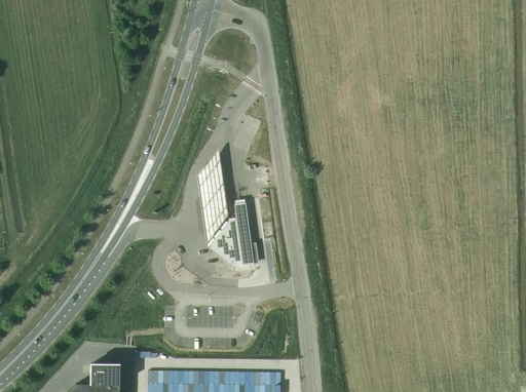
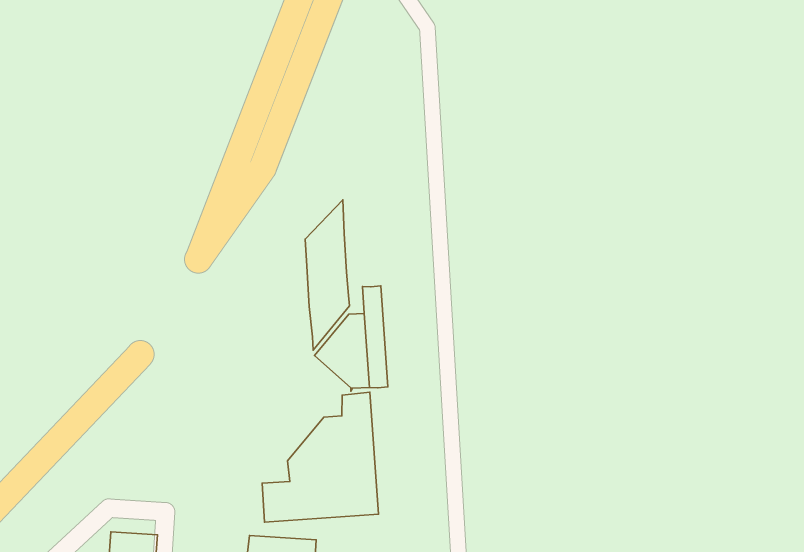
building: none -> [262,392,378,522]

